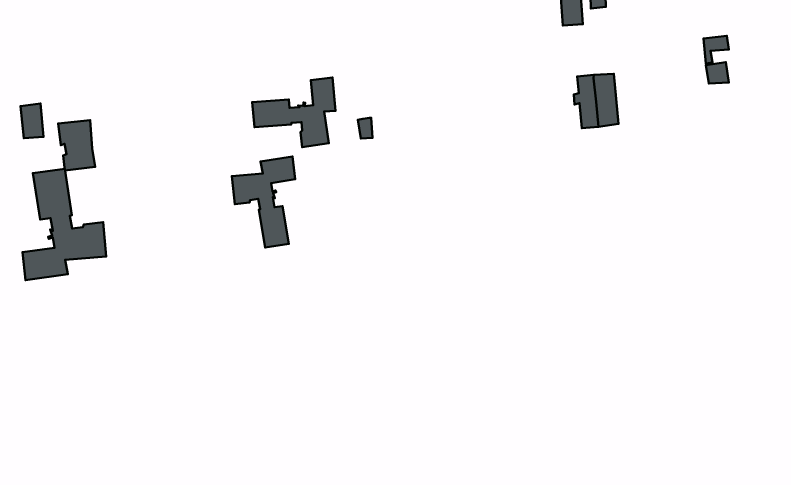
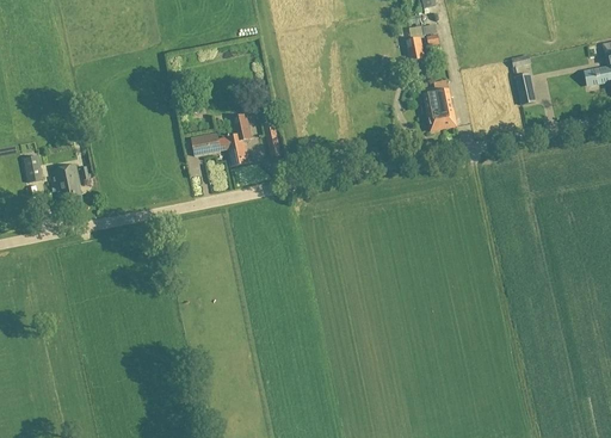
building: [232,157,295,248] -> none
building: [22,169,106,280] -> none

